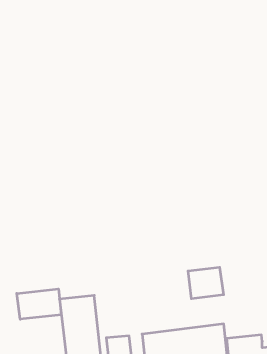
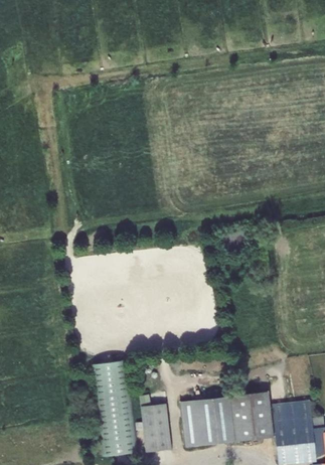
building: [188,267,224,299] -> none
building: [17,289,61,319] -> none

